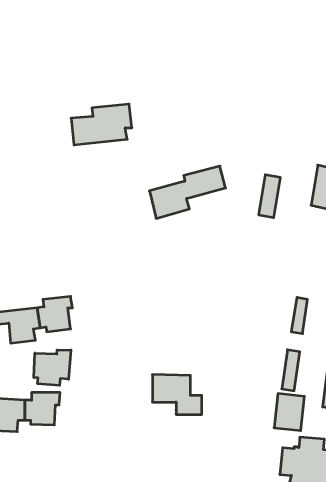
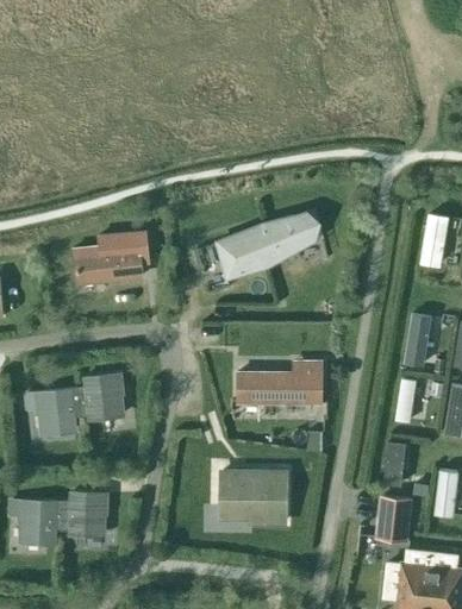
building: [71,104,132,145] -> [73,232,149,283]
building: [259,175,280,218] -> [405,312,432,365]
building: none -> [238,362,323,402]
building: [34,350,71,385] -> none

